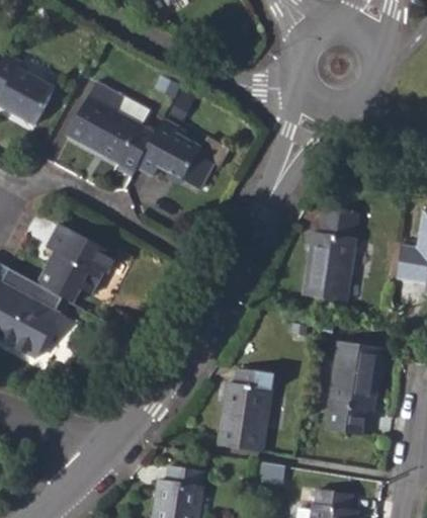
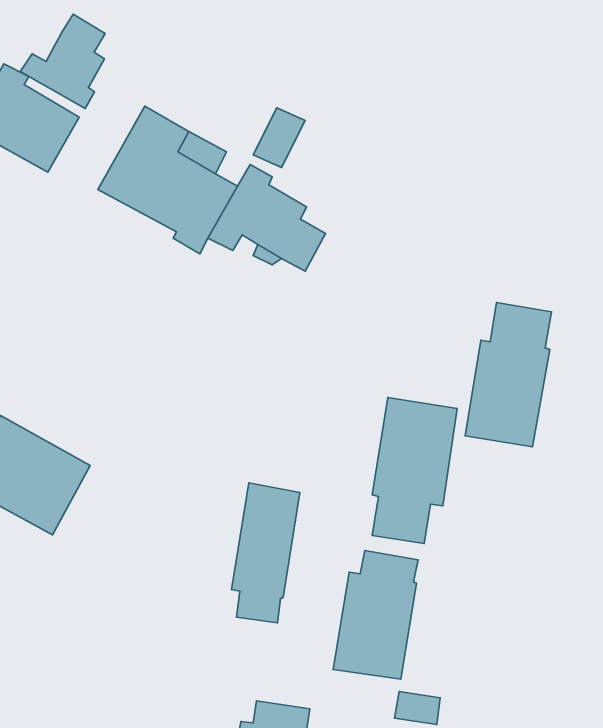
building: none -> [20,14,105,108]
building: [36,224,117,303] -> none
building: none -> [232,483,300,623]
building: [327,341,381,435] -> [372,398,457,543]

